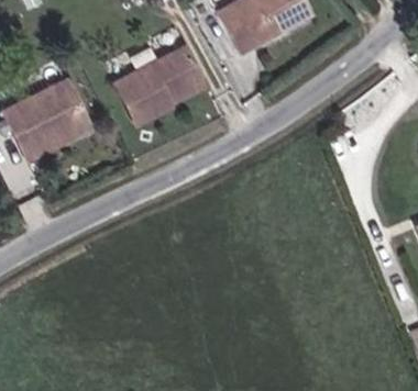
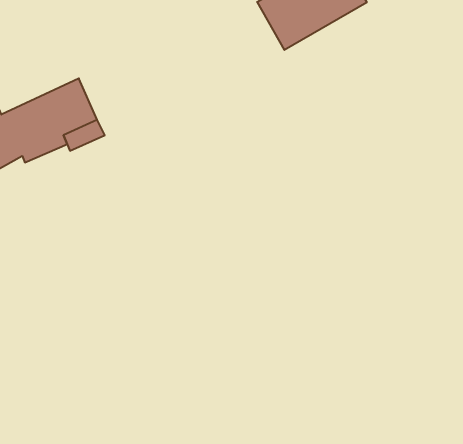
building: [111,41,202,121] -> none

